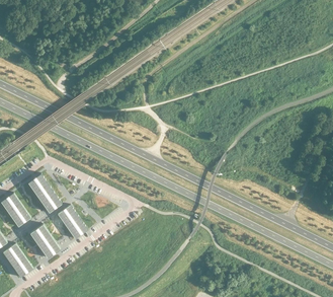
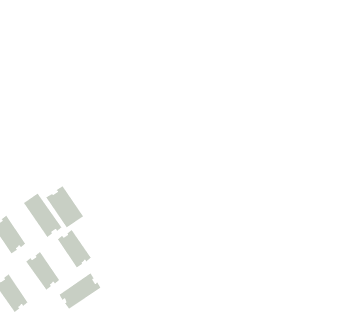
building: none -> [45,185,84,229]
building: none -> [58,272,101,310]

